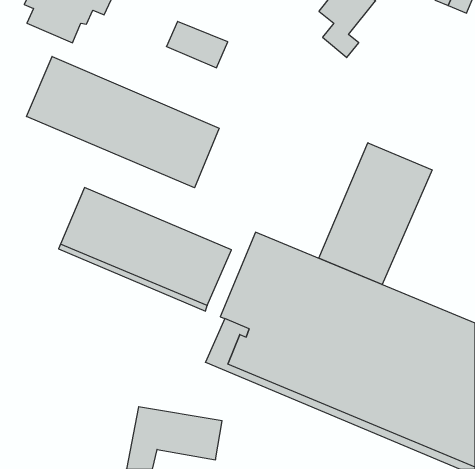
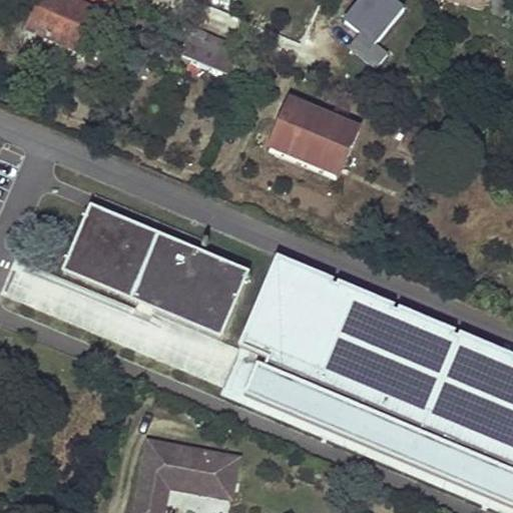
building: [27,56,219,188] -> none
building: none -> [271,97,358,172]
building: [319,143,432,285] -> none

